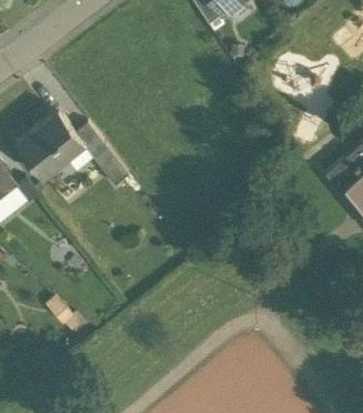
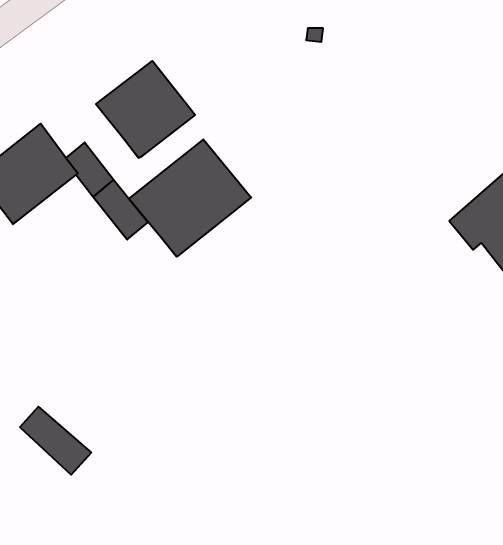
building: none -> [96,61,195,158]
building: none -> [129,139,251,257]

